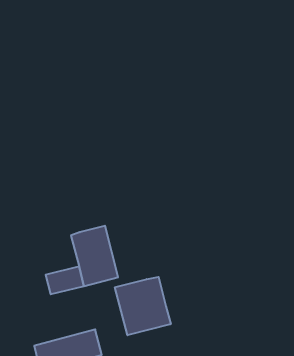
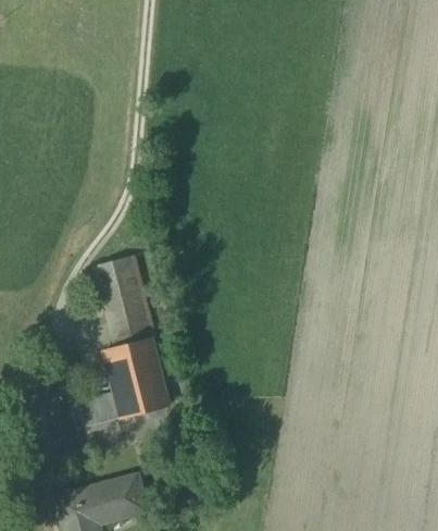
building: none -> [98,256,152,346]
building: [115,277,171,335] -> none

